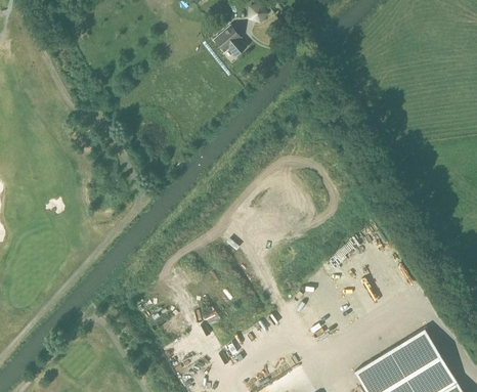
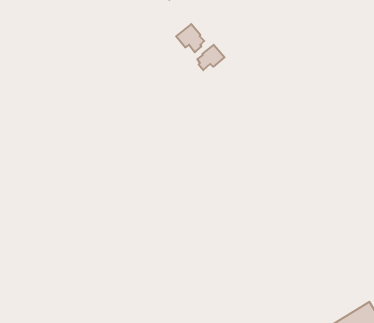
building: none -> [197,45,225,70]

